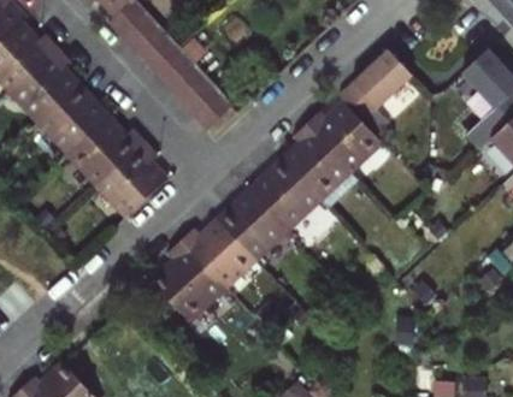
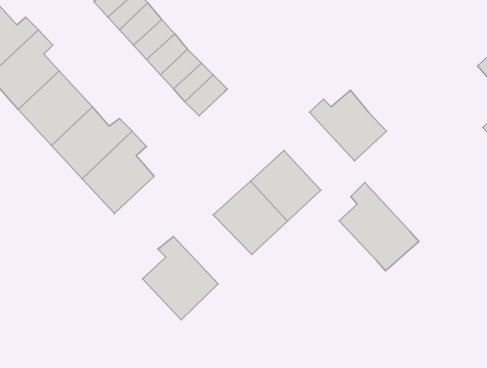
building: [340,53,412,124] -> none
building: [284,124,359,207] -> [339,182,419,271]
building: [181,220,254,285] -> none

